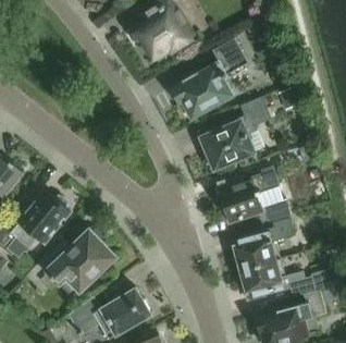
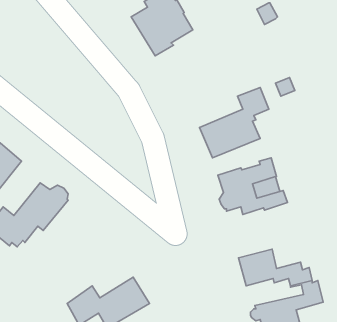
building: [171,38,248,117] -> none
building: [233,219,293,268] -> none
building: [26,231,113,294] -> none

